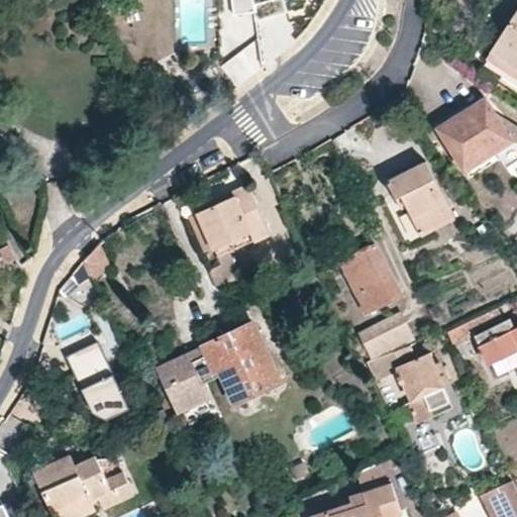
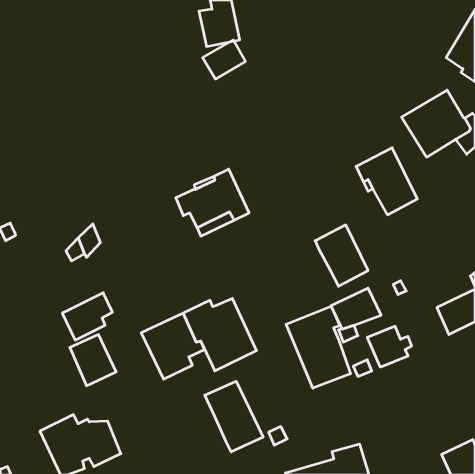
building: none -> [286,306,350,388]
building: none -> [205,381,263,452]

